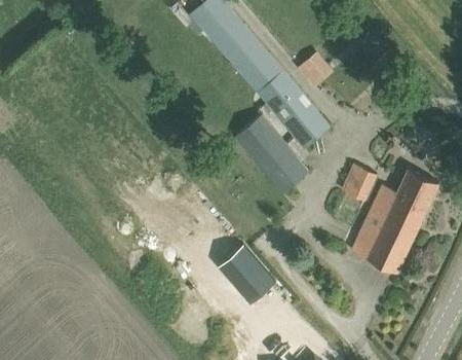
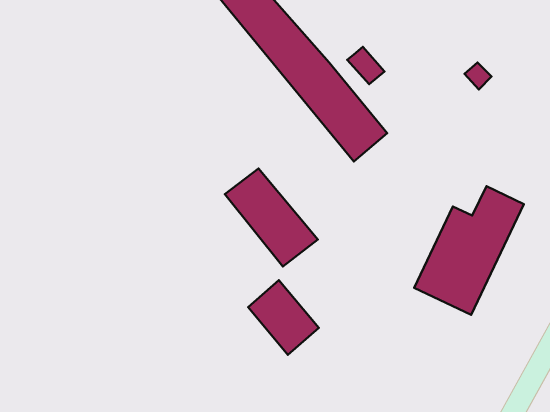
building: [235,114,309,192] -> [225,169,318,266]
building: [342,164,377,201] -> none

